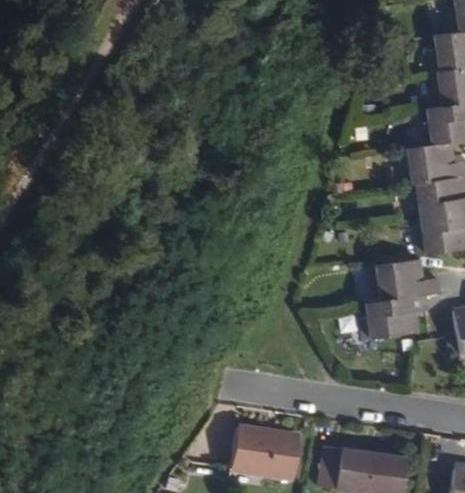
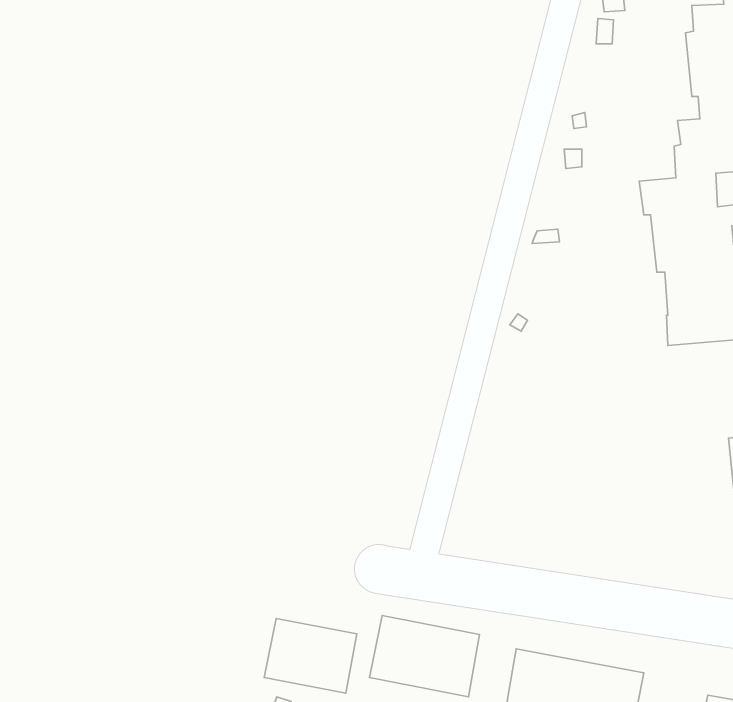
building: [362,257,437,334] -> none
building: none -> [264,618,357,693]

